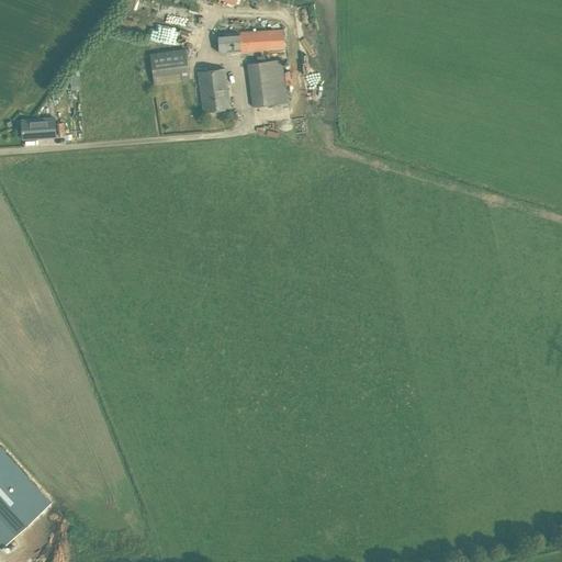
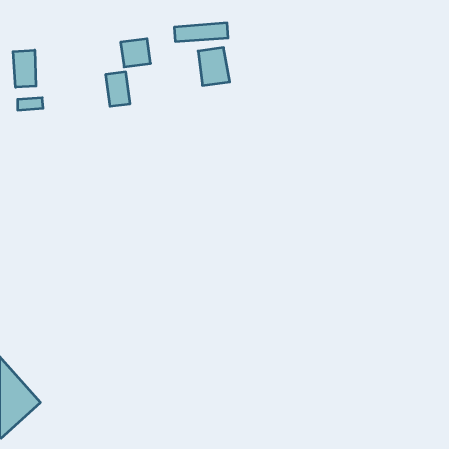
building: none -> [13,50,36,87]
building: [198,68,228,111] -> [106,72,130,106]

